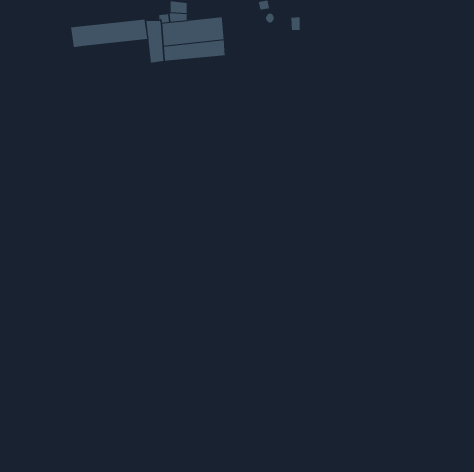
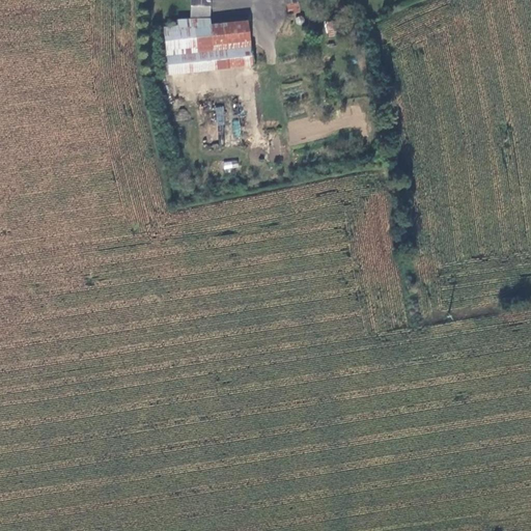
building: [70,19,148,48] -> none

